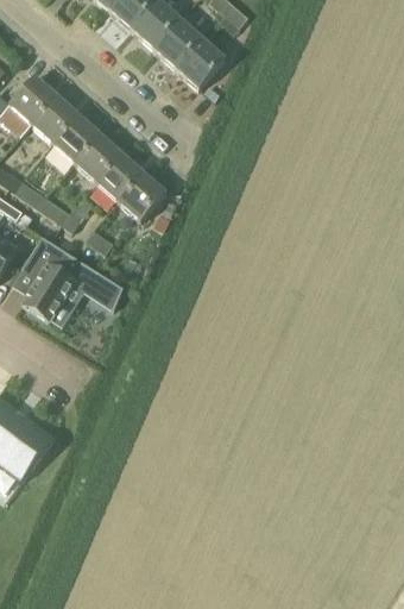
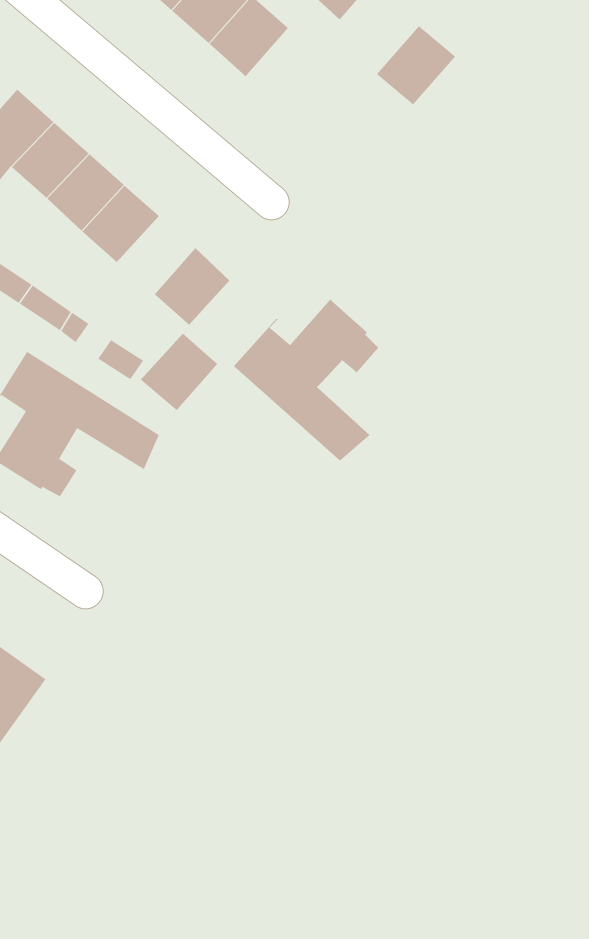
building: [175,40,223,89] -> [376,25,456,105]
building: [96,155,144,202] -> [140,333,218,411]
building: none -> [233,299,379,461]

